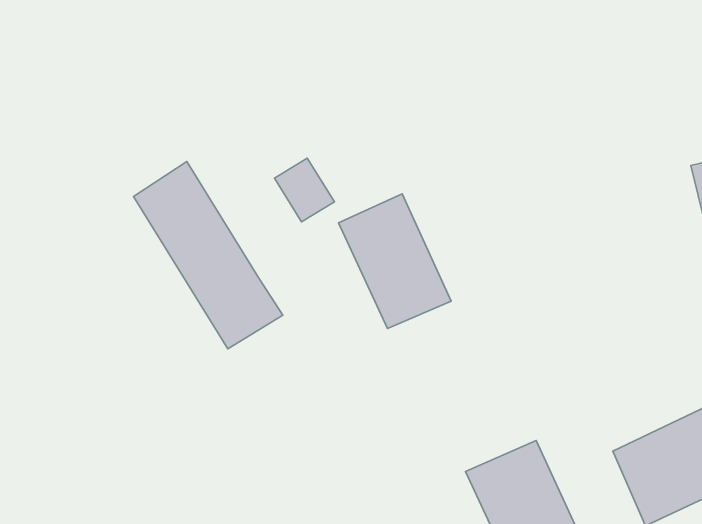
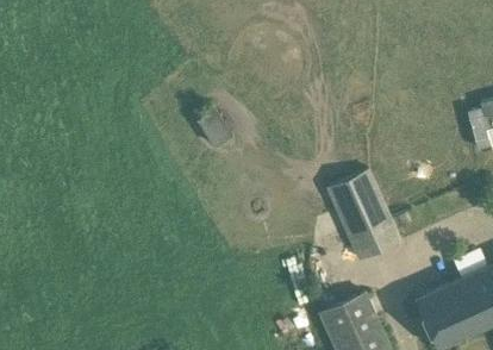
building: [133,161,283,349] -> none
building: [338,194,451,328] -> [327,171,401,260]

